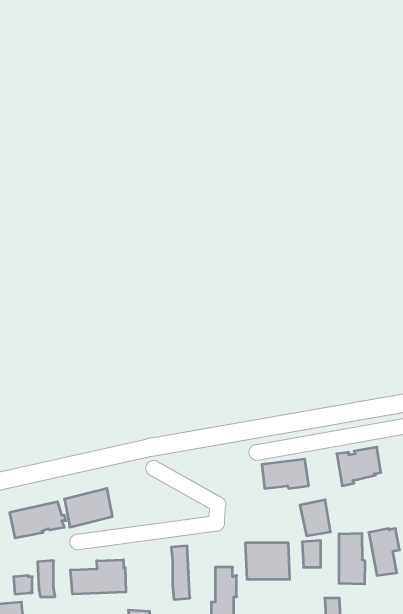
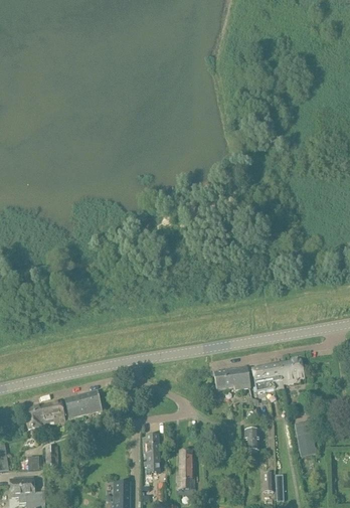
building: [300,500,331,536] -> [251,364,275,391]
building: [339,533,365,584] -> none
building: [246,543,290,579] -> none
building: [70,560,126,594] -> none

